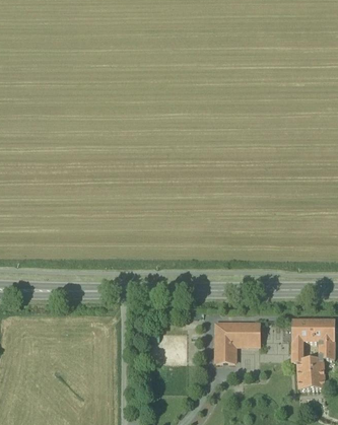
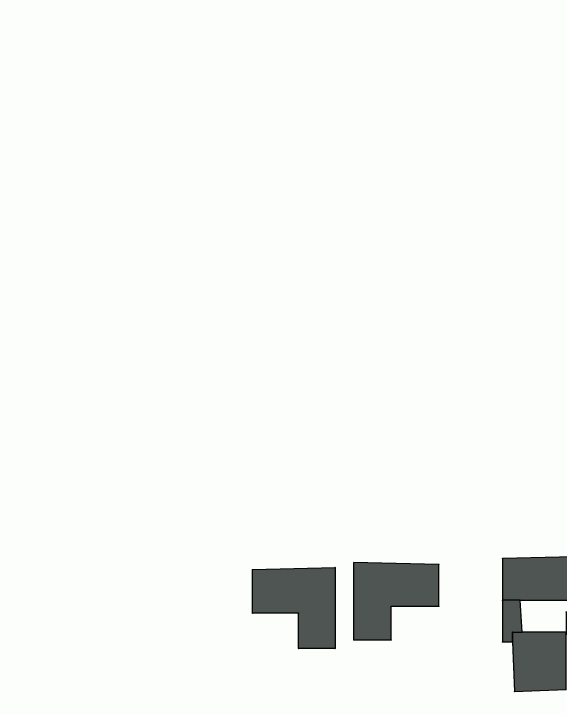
building: none -> [252,567,335,649]

